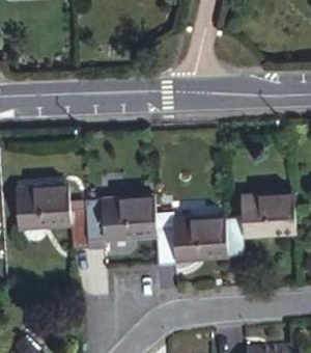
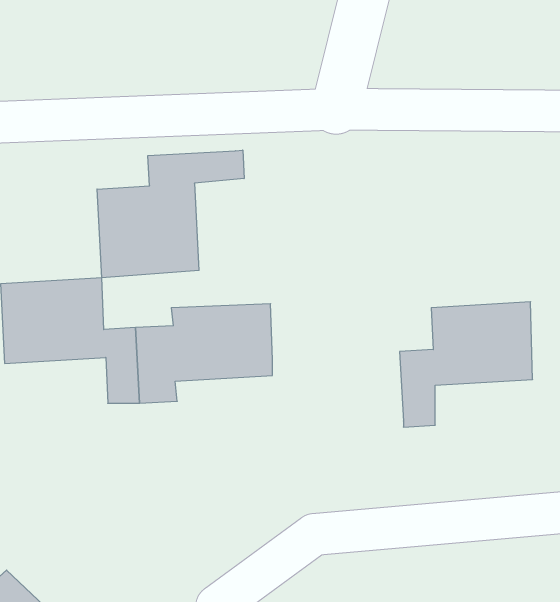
building: none -> [97,150,244,278]
building: [157,209,225,257] -> none

